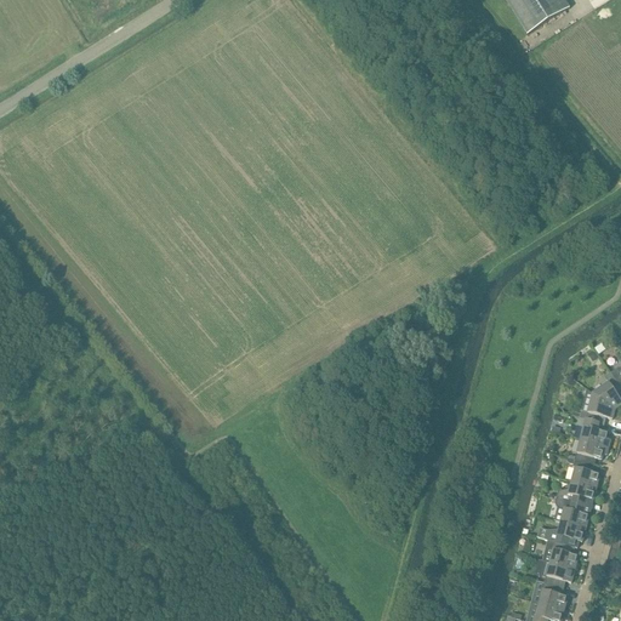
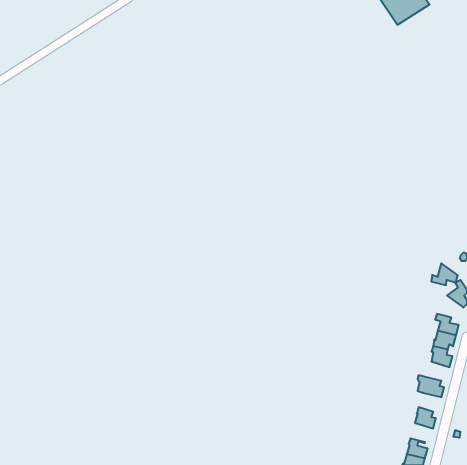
building: [580,392,615,421] -> [431,263,458,285]
building: [556,479,597,505] -> none
building: [545,520,586,546] -> none
building: [537,558,575,586] -> none

